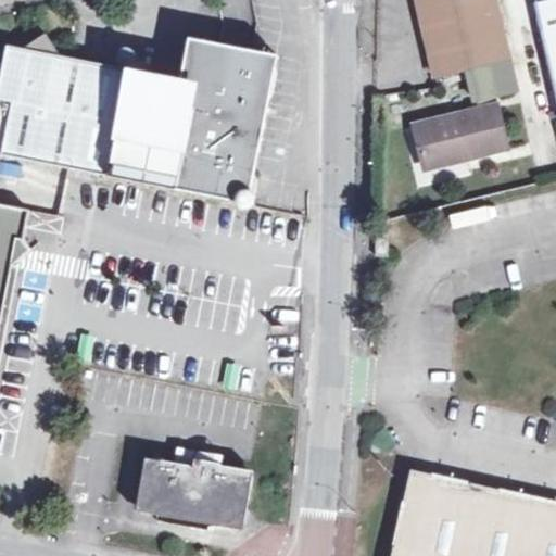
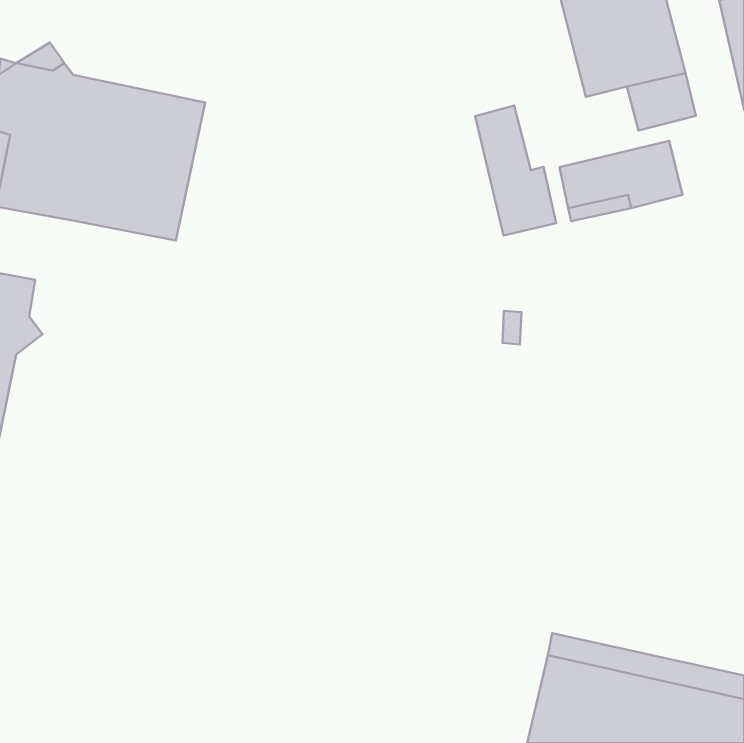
building: [130,39,274,201] -> none
building: none -> [475,106,556,235]
building: [137,446,253,529] -> none

